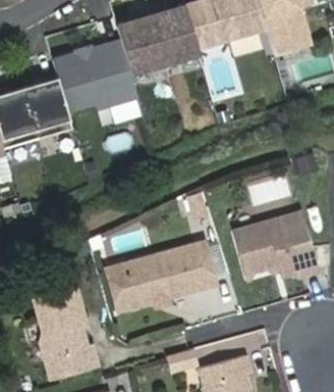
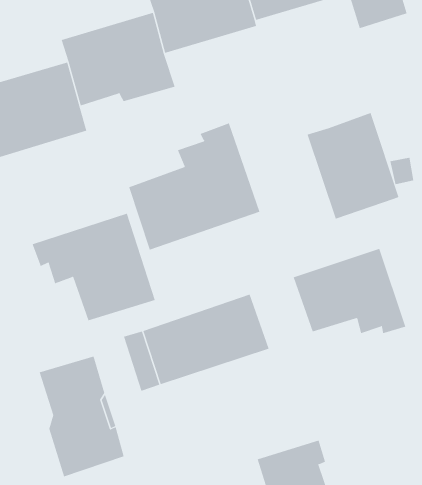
building: none -> [307,112,399,219]
building: none -> [129,122,260,251]
building: none -> [32,213,155,321]

